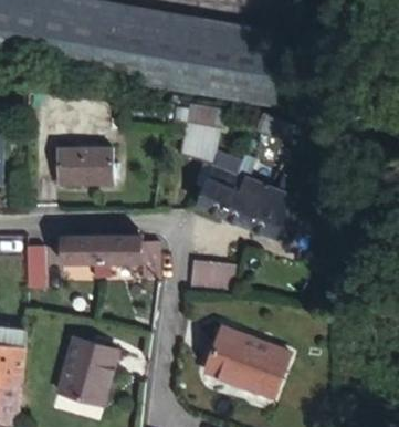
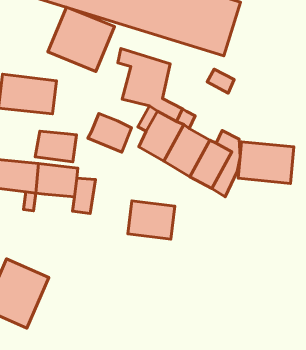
building: none -> [48,7,115,72]
building: none -> [88,114,131,152]
building: none -> [238,142,294,184]
building: none -> [35,131,77,162]
building: [210,323,295,394] -> none

